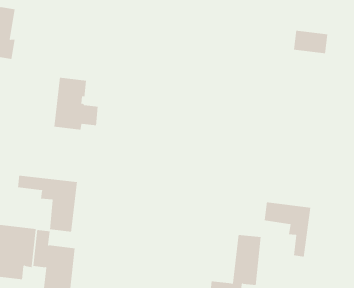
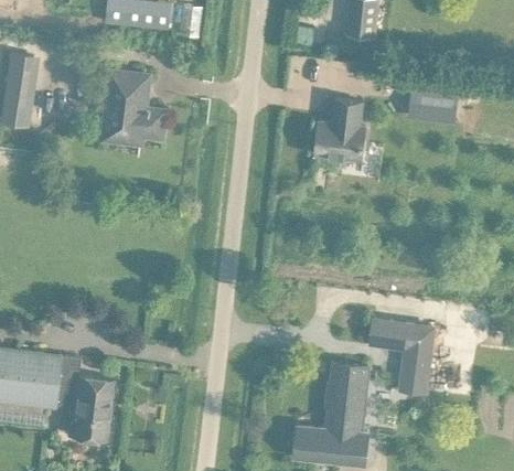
building: none -> [314,99,364,161]
building: [54,77,98,130] -> [103,72,163,143]
building: [18,175,78,232] -> none

